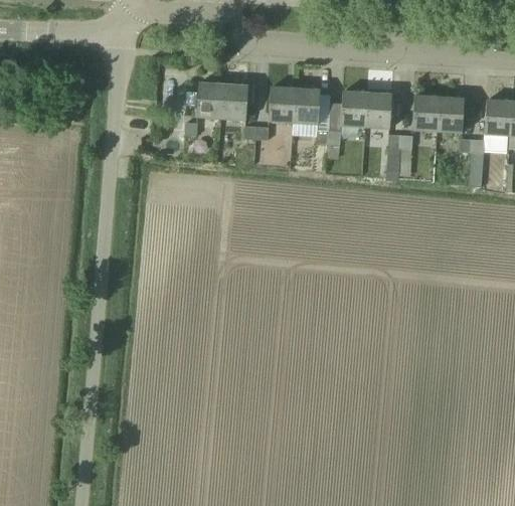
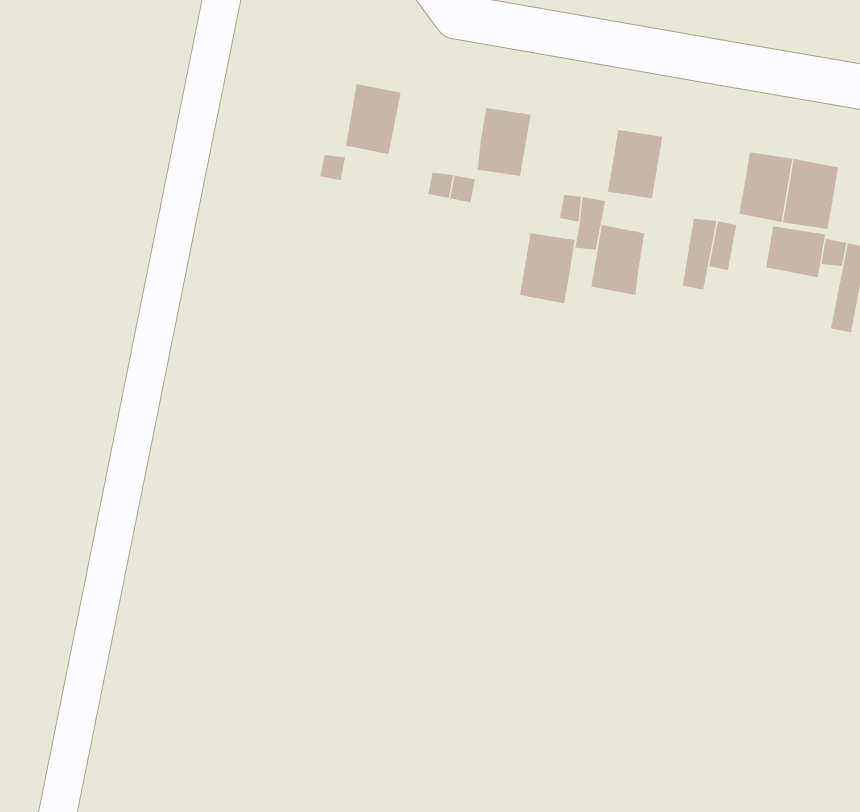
building: [220,83,247,119] -> none
building: [293,88,320,124] -> [519,233,576,304]
building: [365,92,391,128] -> [591,224,645,295]
building: none -> [766,225,826,278]

